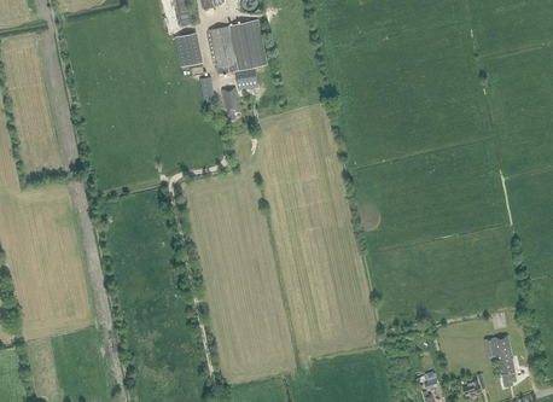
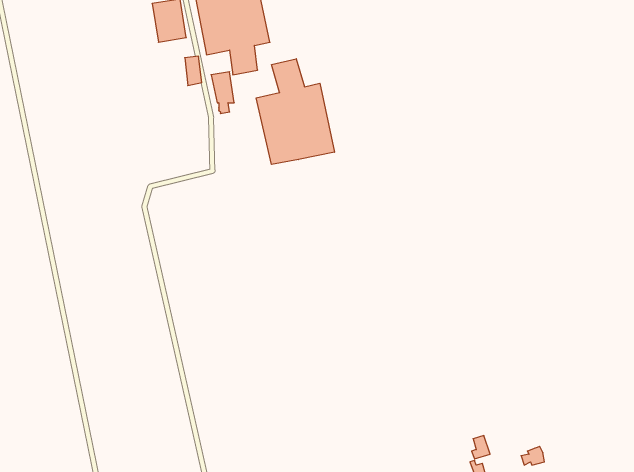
building: none -> [256,59,334,164]
building: [484,336,517,388] -> none

